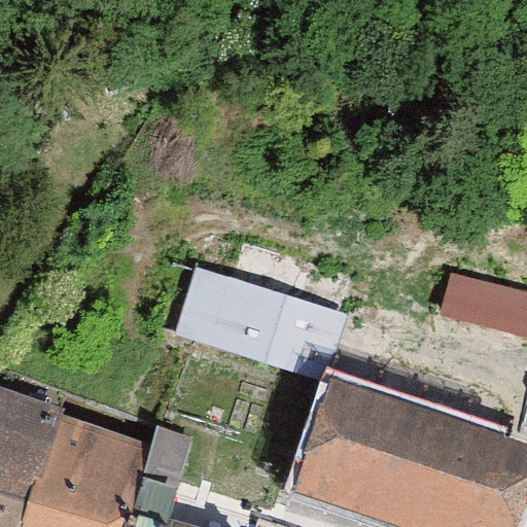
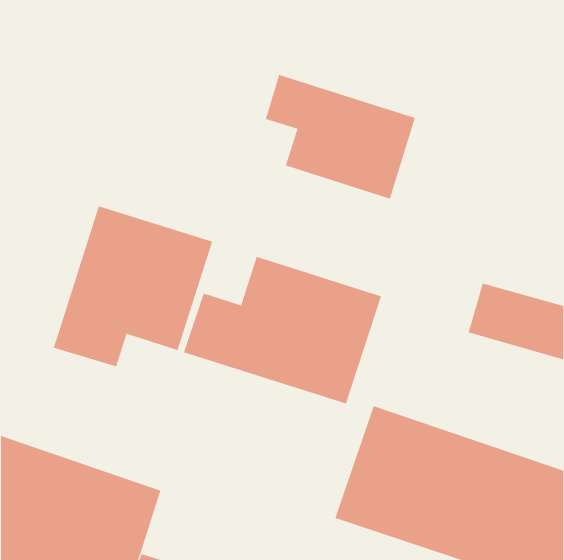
building: none -> [265,74,415,199]
building: none -> [53,206,213,367]

